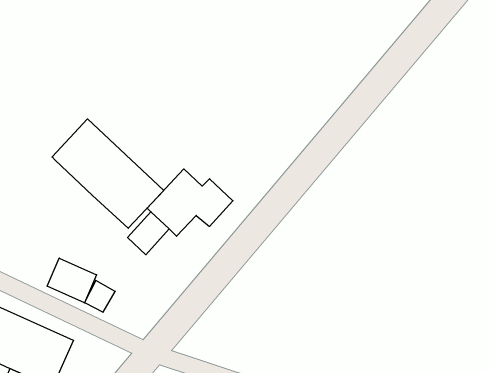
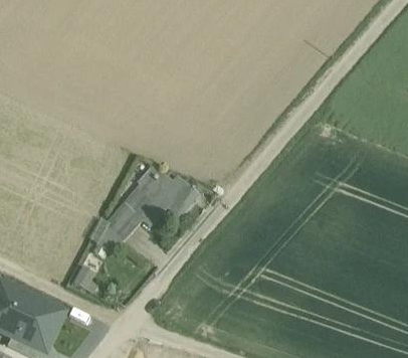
building: [52,119,164,228] -> none
building: [47,258,97,303] -> none

